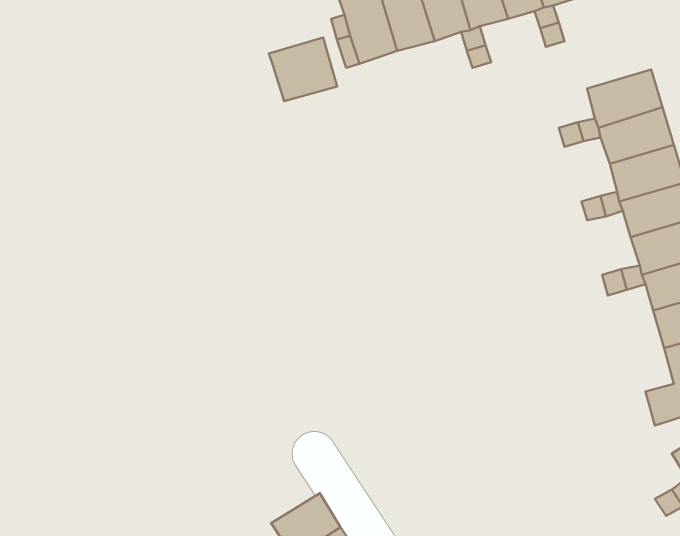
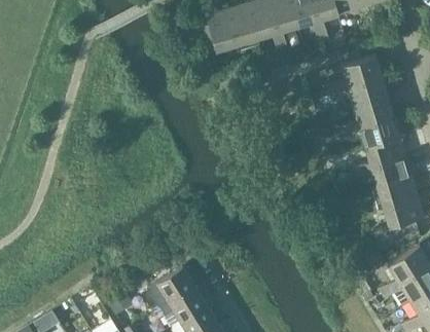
building: [269,37,337,101] -> none
building: none -> [155,265,194,302]

